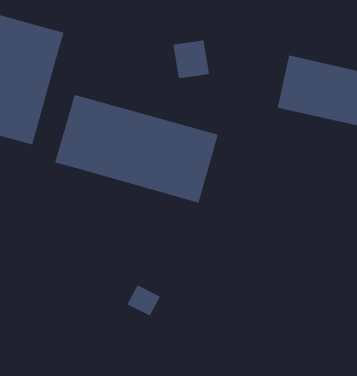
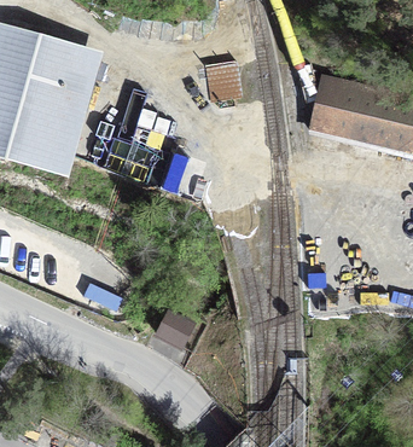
building: [55,94,219,203] -> none

